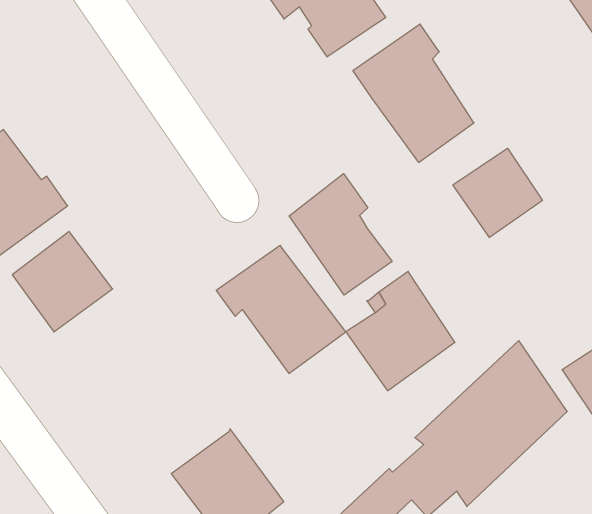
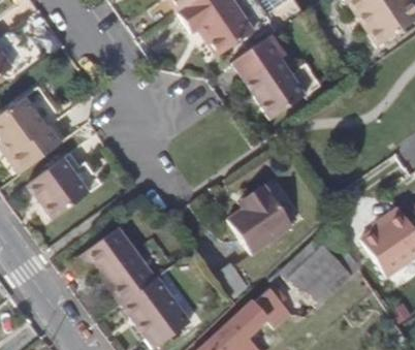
building: [453,148,542,238] -> none
building: [289,174,392,295] -> none
building: [216,245,346,373] -> [81,226,158,303]

